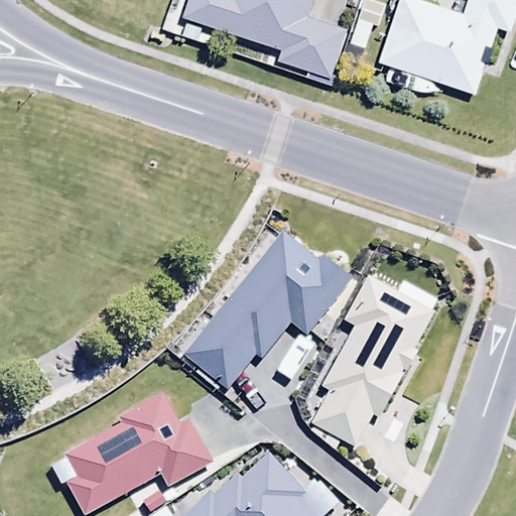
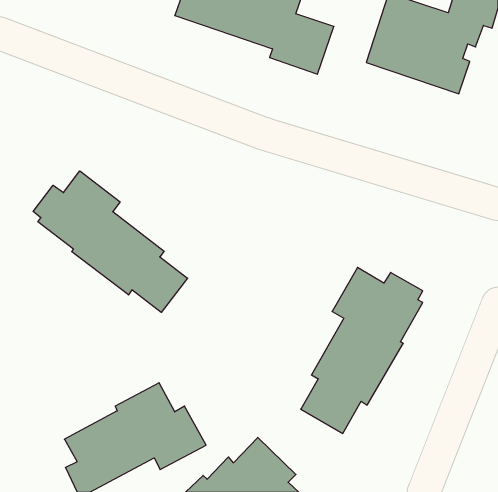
building: none -> [33,171,188,312]
building: [185,230,353,388] -> none

